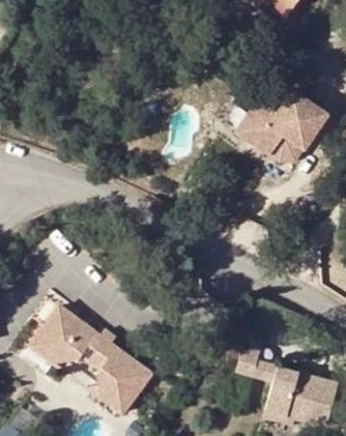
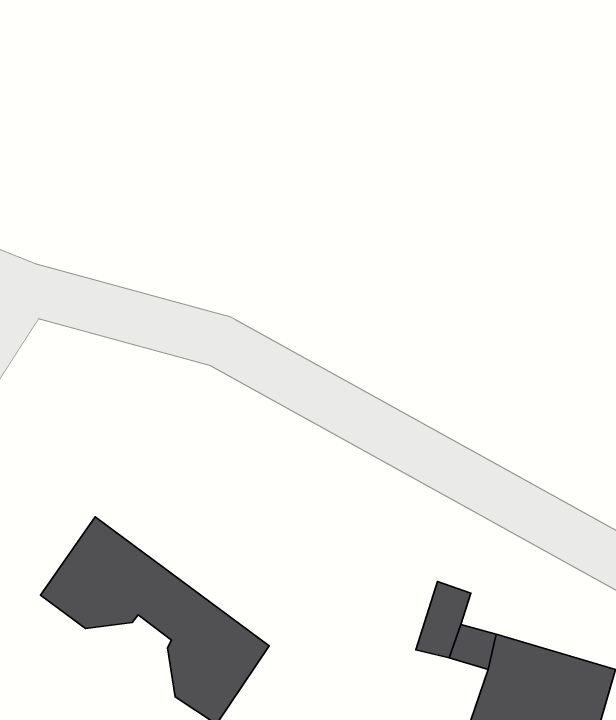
building: [235,91,325,151] -> none

